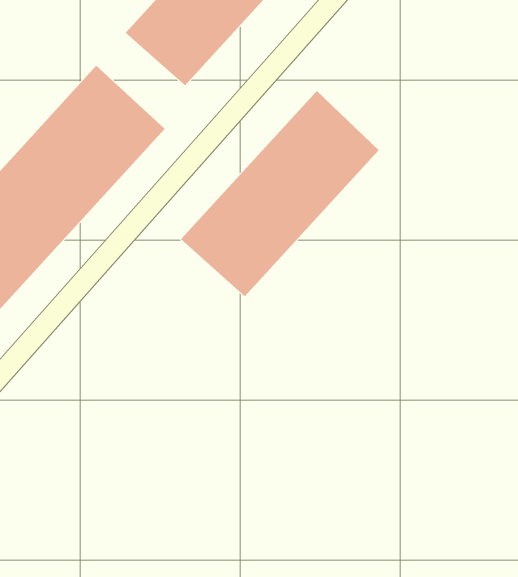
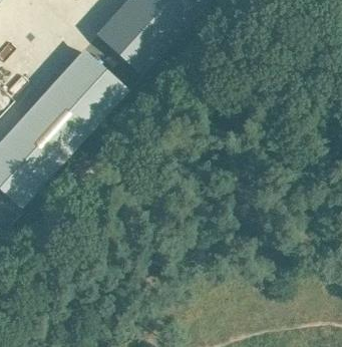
building: [180,90,380,297] -> none

